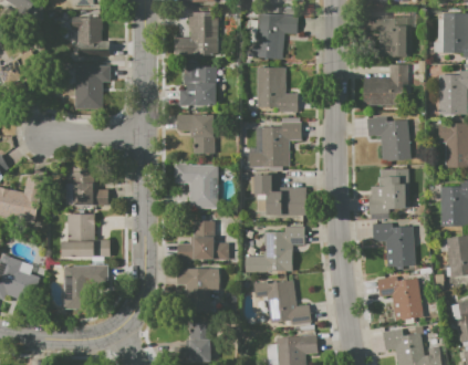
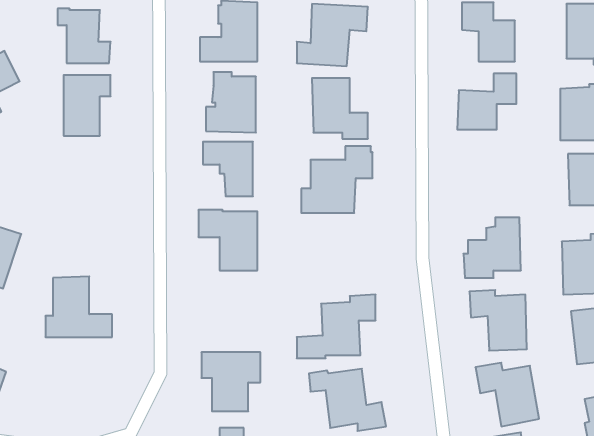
building: [366,115,410,160] -> none
building: [65,166,107,206] -> none
building: [254,175,304,215] -> none
building: [177,220,229,260] -> none
building: [63,265,107,309] -> none

